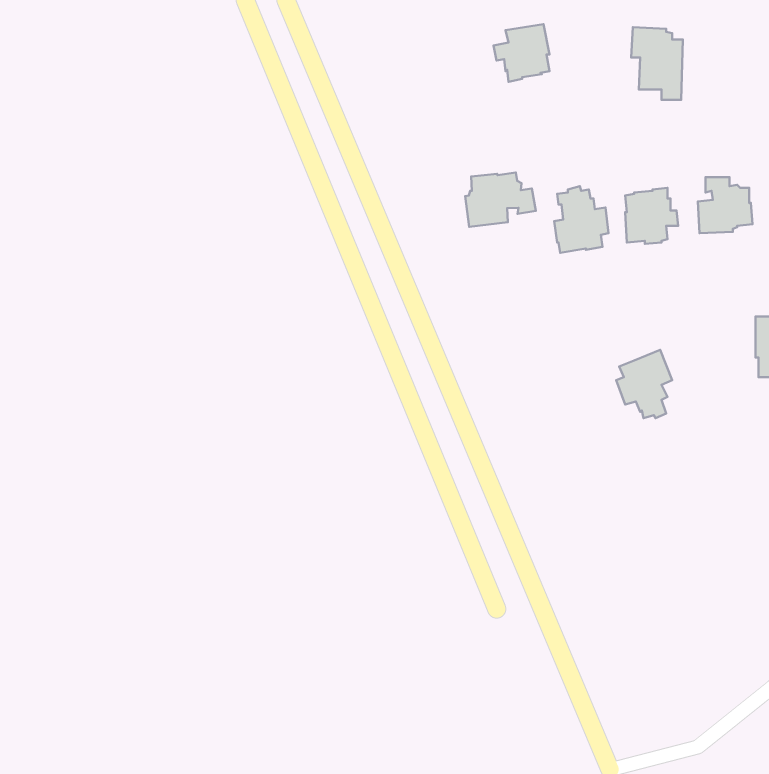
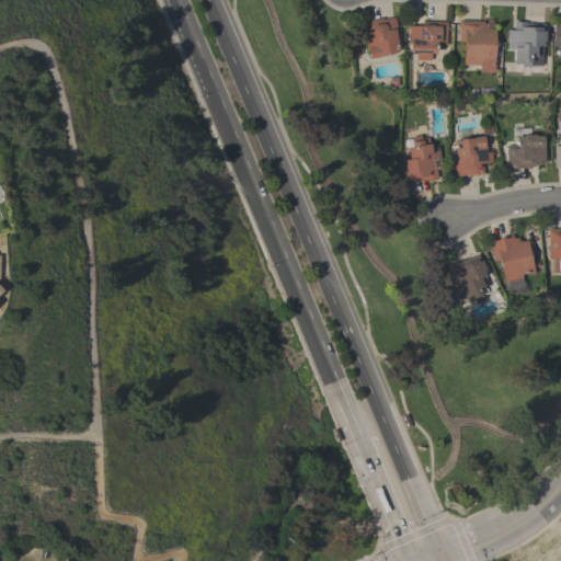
building: none -> [411,21,449,60]
building: none -> [510,21,548,67]
building: [465,172,536,227] -> none
building: none -> [491,237,537,294]

